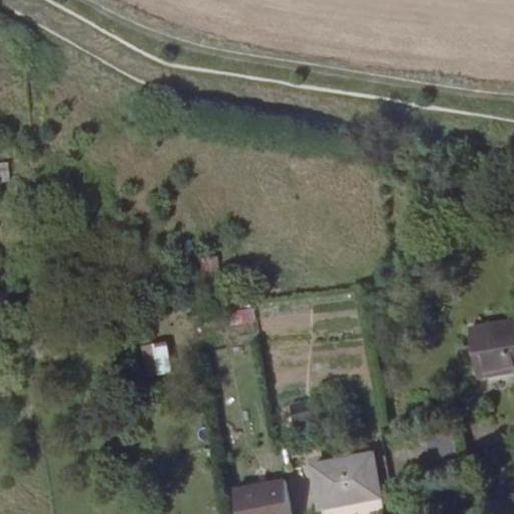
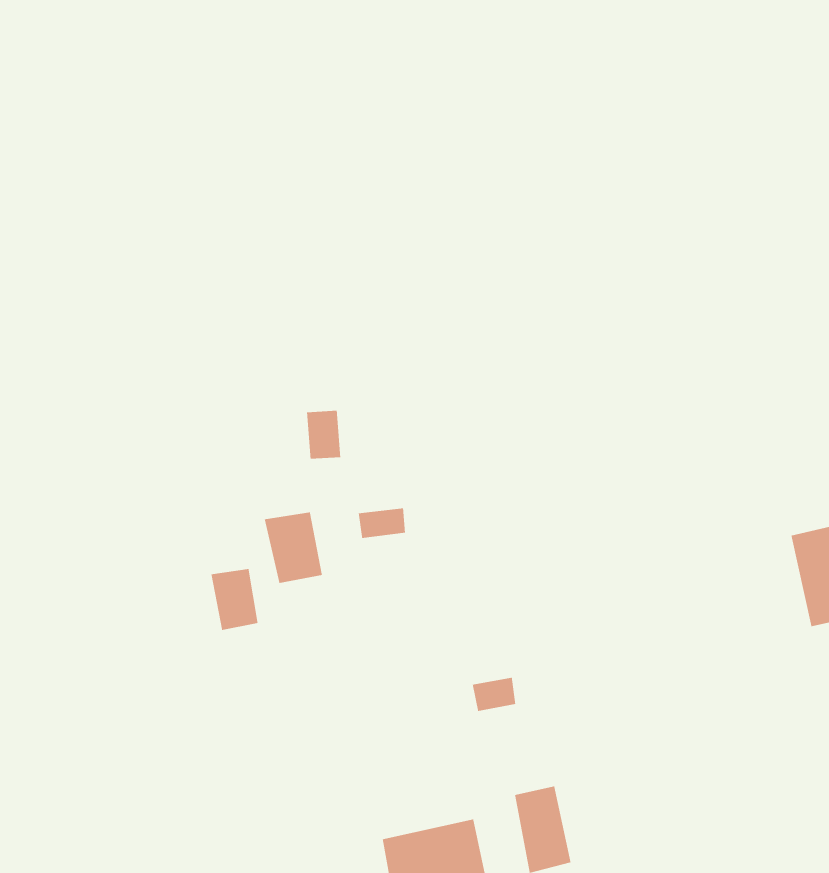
building: none -> [264,511,323,584]
building: [332,455,378,505] -> none

